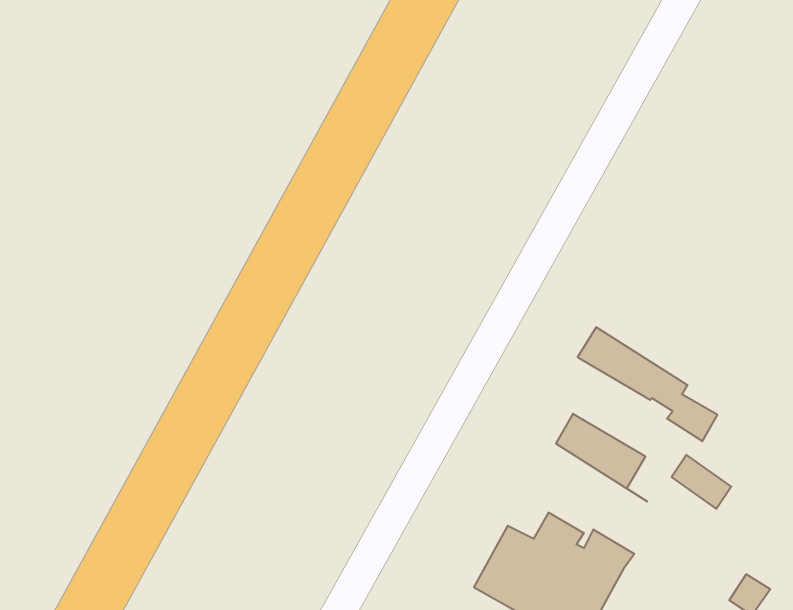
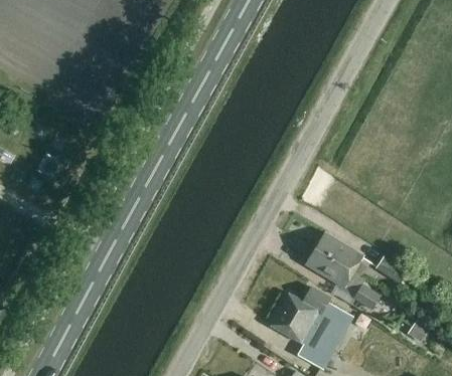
building: [578,327,717,441] -> [304,249,380,311]

